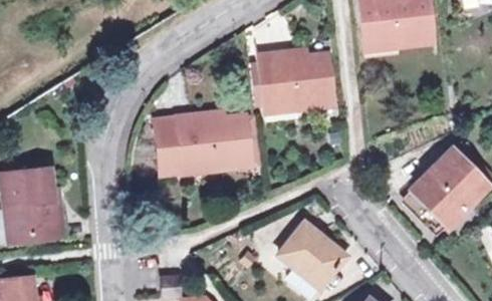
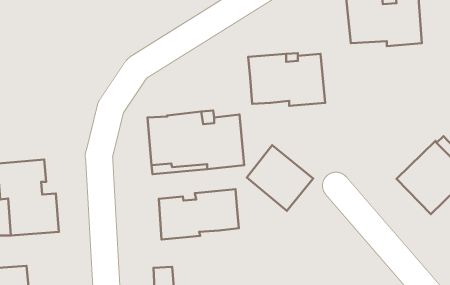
building: none -> [159,189,239,240]
building: [278,221,346,288] -> [247,145,313,211]

